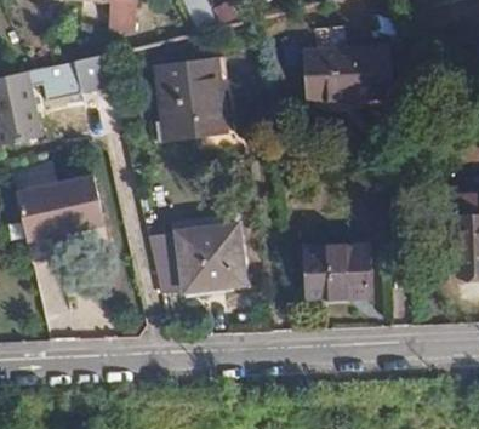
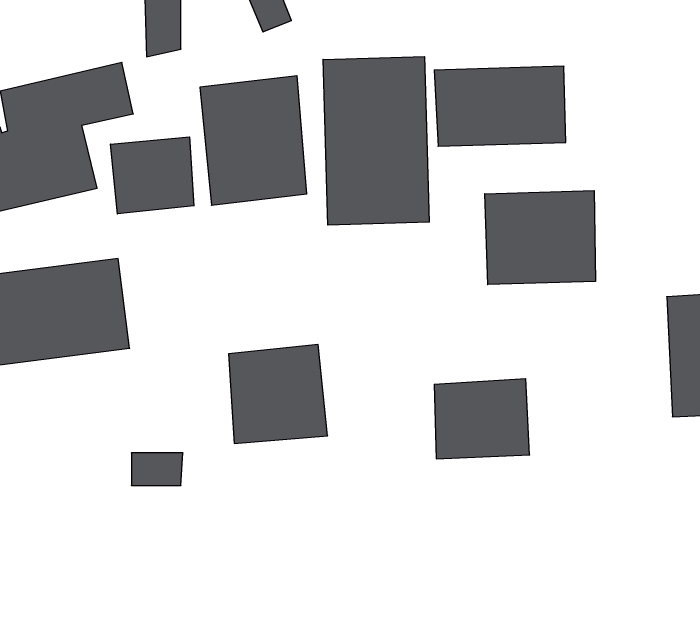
building: none -> [323,57,429,225]
building: none -> [111,137,194,214]
building: none -> [485,191,595,285]

